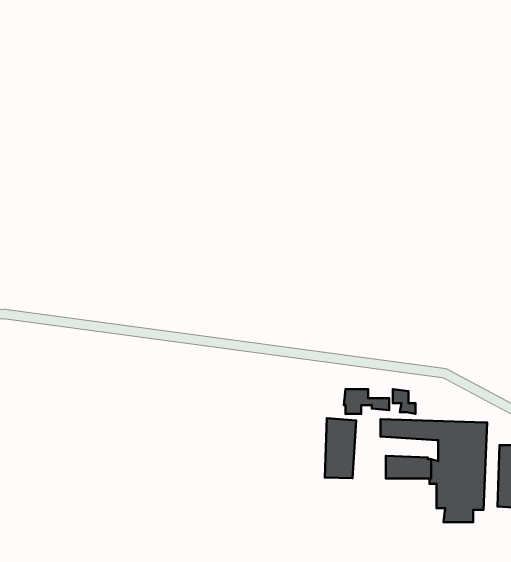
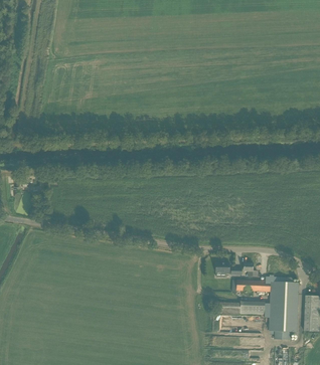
building: [325,418,356,478] -> none

